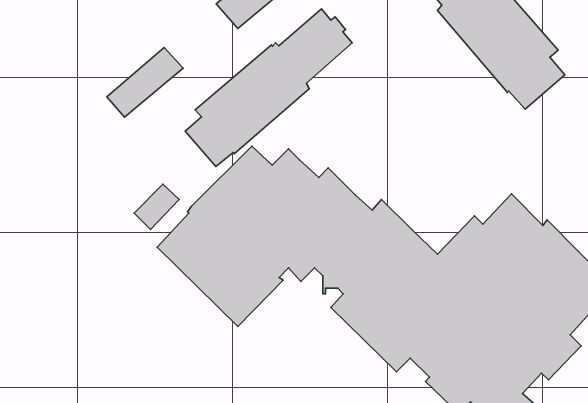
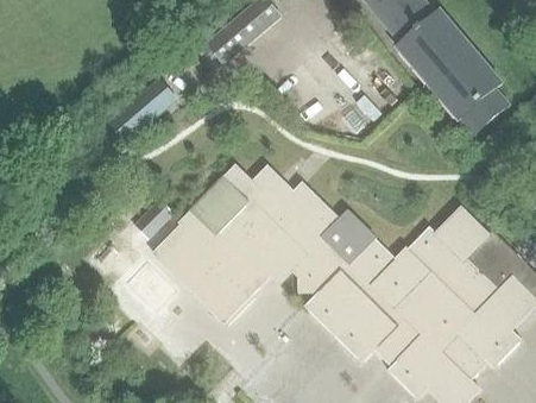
building: [185,9,352,167] -> none

